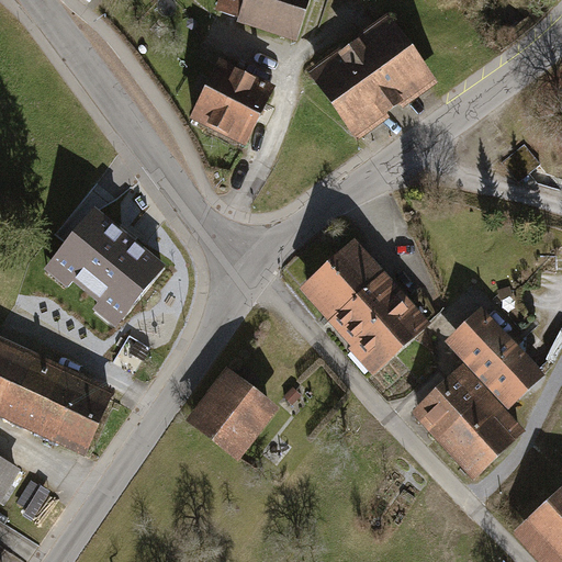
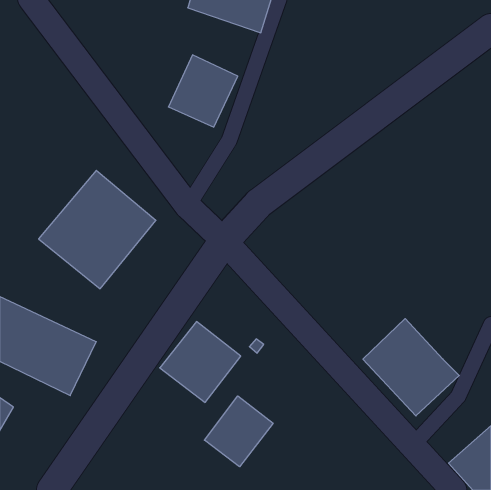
building: [310,14,435,135] -> none
building: [299,239,427,371] -> none
building: [442,307,542,409] -> none
building: none -> [204,396,273,467]

